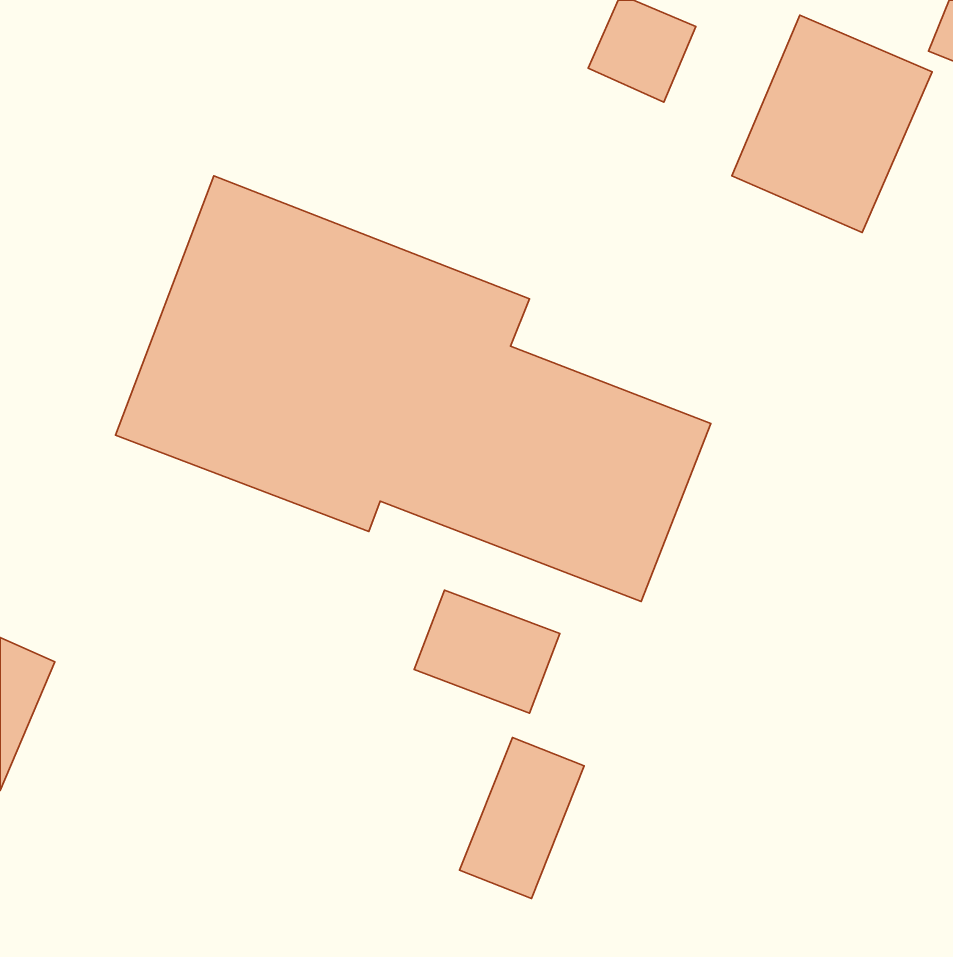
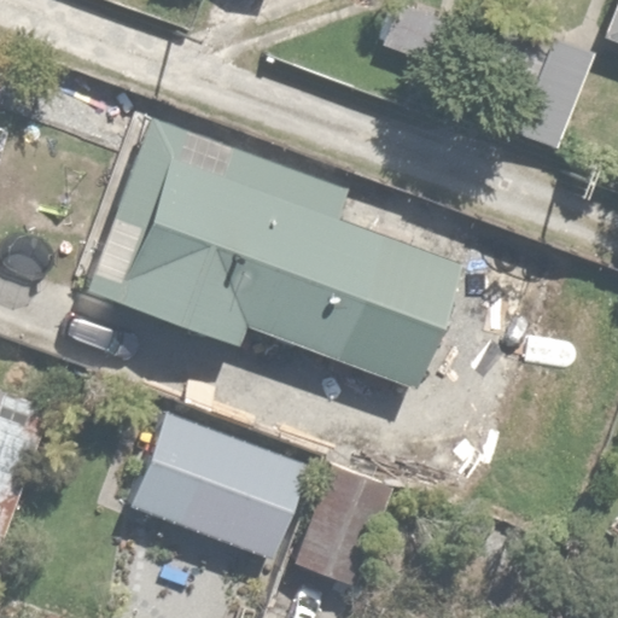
building: none -> [134,410,307,559]

